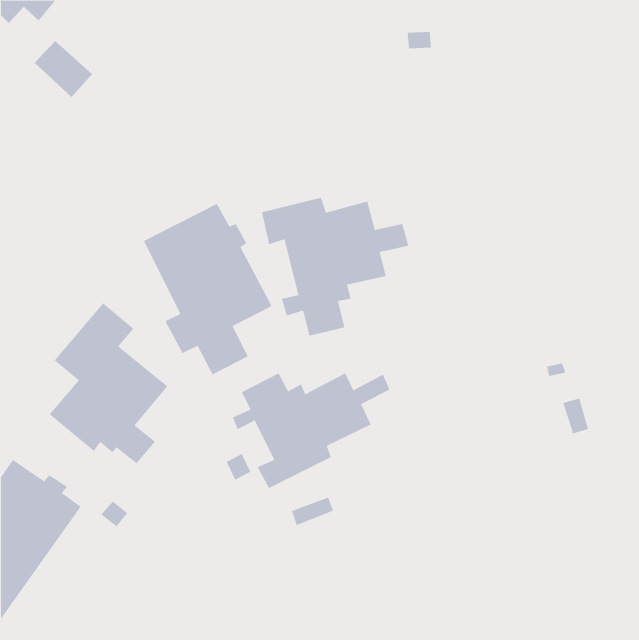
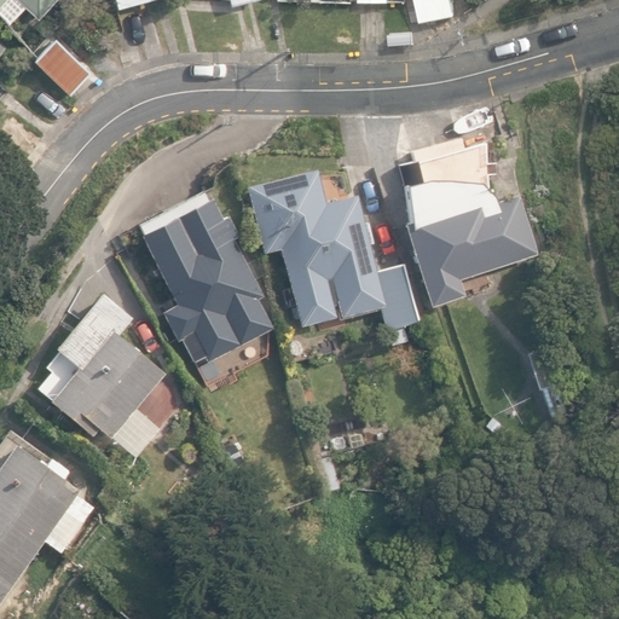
building: none -> [400,139,539,308]
building: none -> [371,264,418,329]
building: [232,372,390,489] -> none

